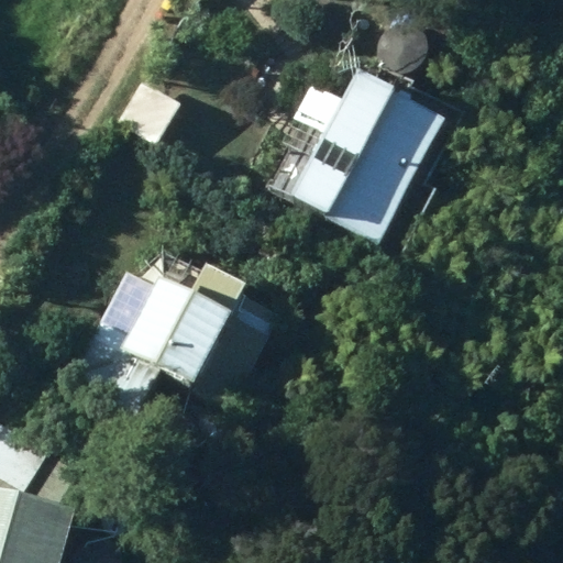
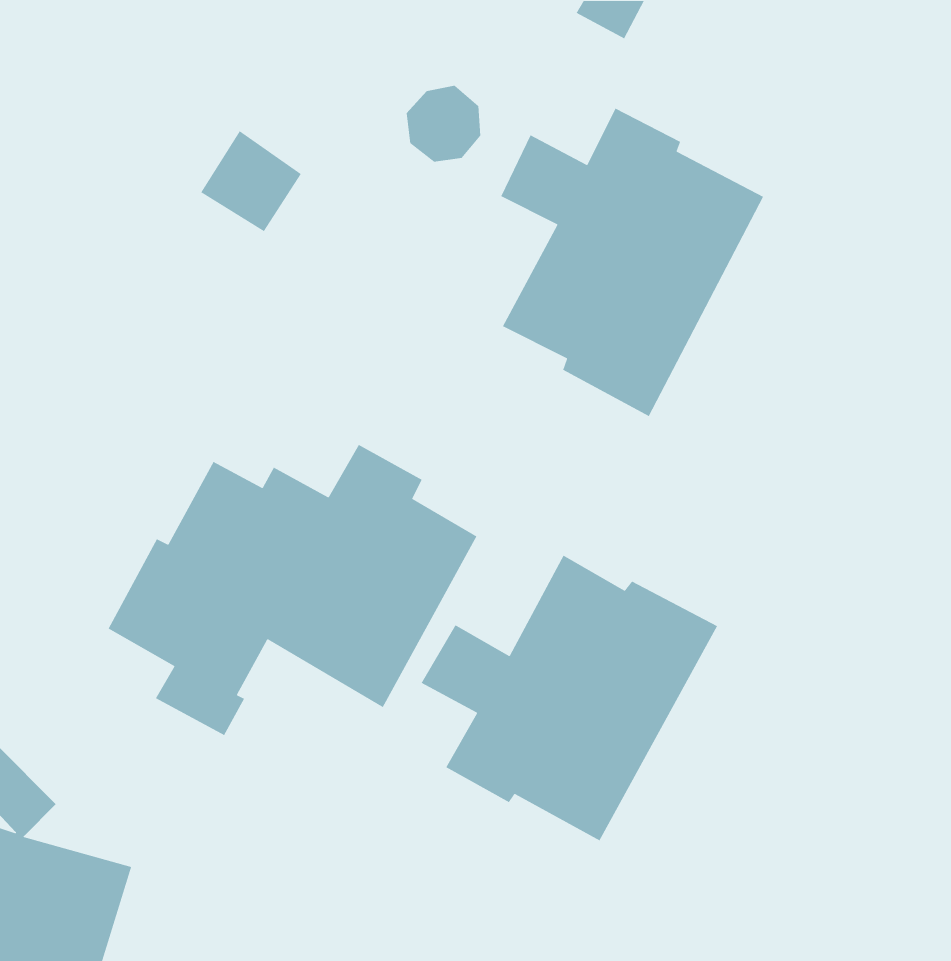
building: none -> [420,555,718,841]

